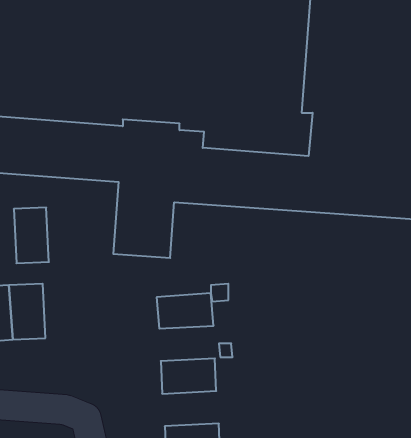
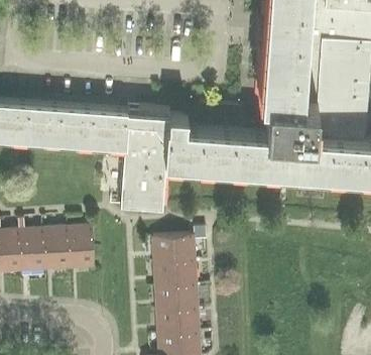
building: [14,208,49,263] -> [69,227,95,268]
building: none -> [155,259,197,285]
building: none -> [157,308,200,334]

